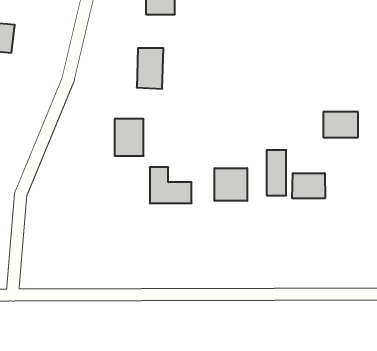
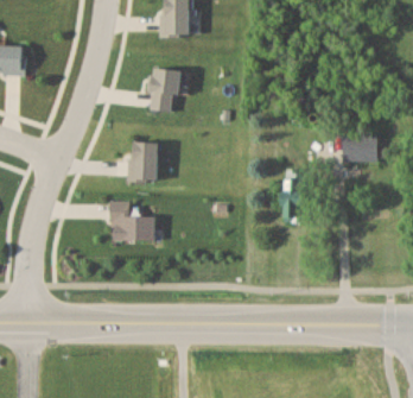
building: [150,167,192,203] -> [112,202,154,239]
building: [215,168,247,201] -> none
building: [292,173,325,198] -> none

